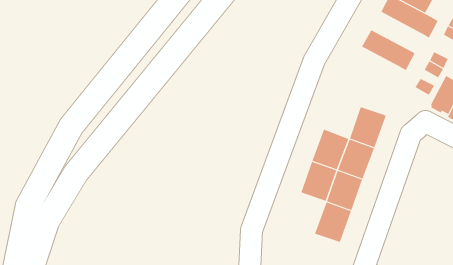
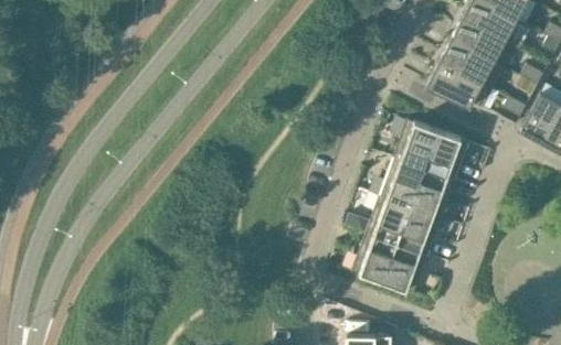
building: none -> [449,17,515,66]
building: none -> [425,58,493,107]
building: none -> [393,118,437,169]
building: none -> [351,233,396,282]

